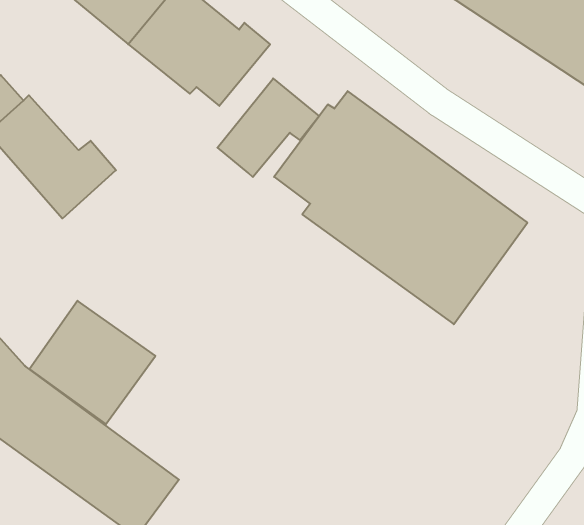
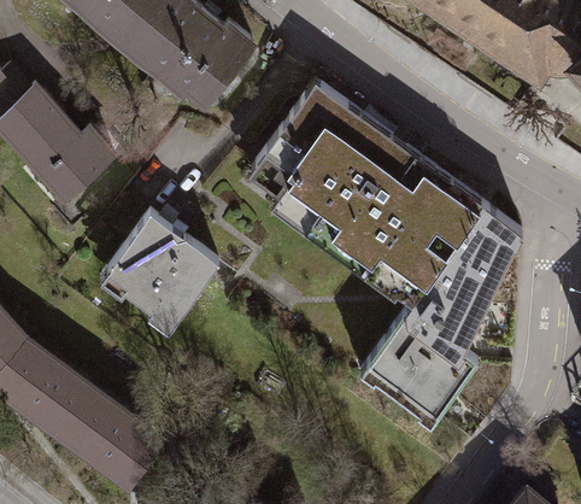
building: [217,78,319,177] -> none
building: none -> [364,206,520,420]
building: [29,301,155,424] -> [102,216,216,327]

